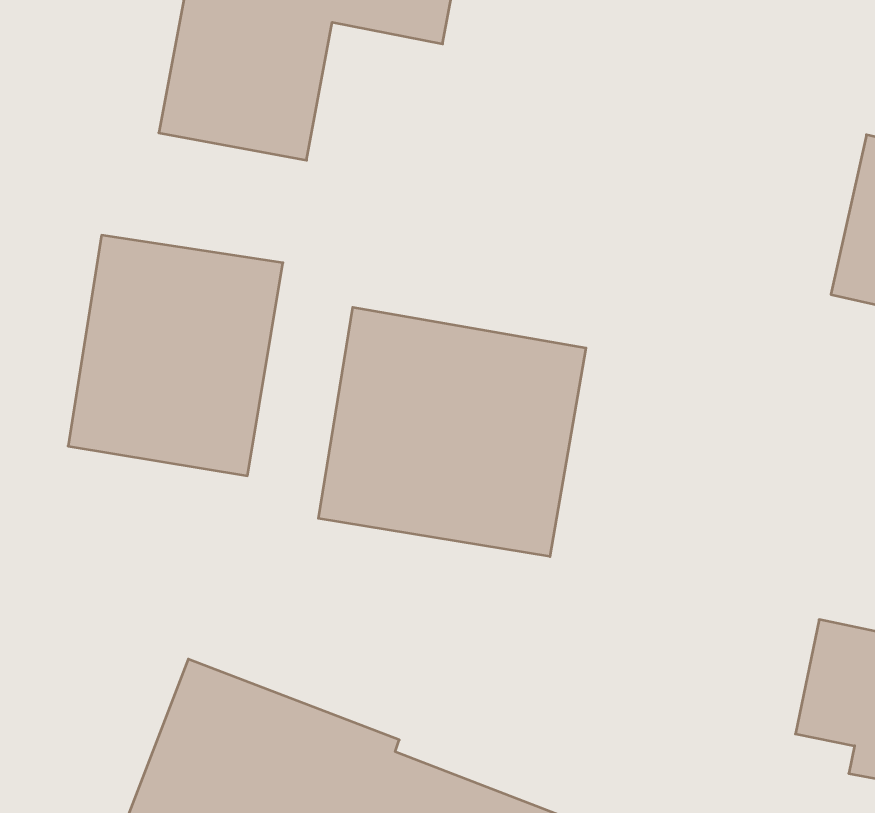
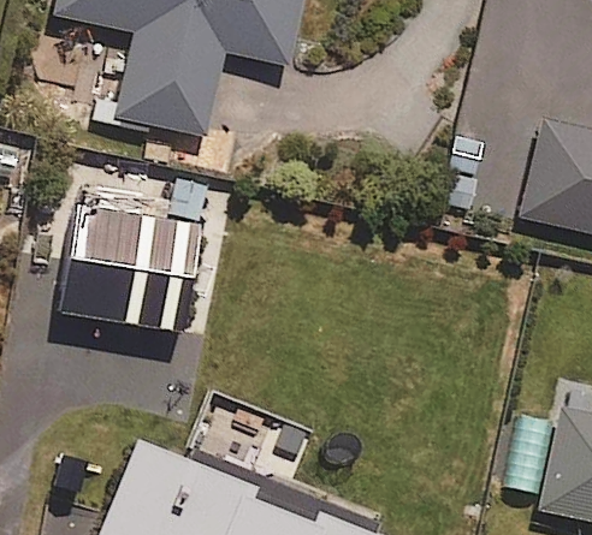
building: [318,307,586,557] -> none

